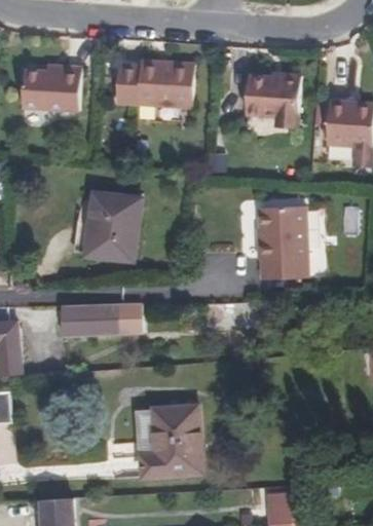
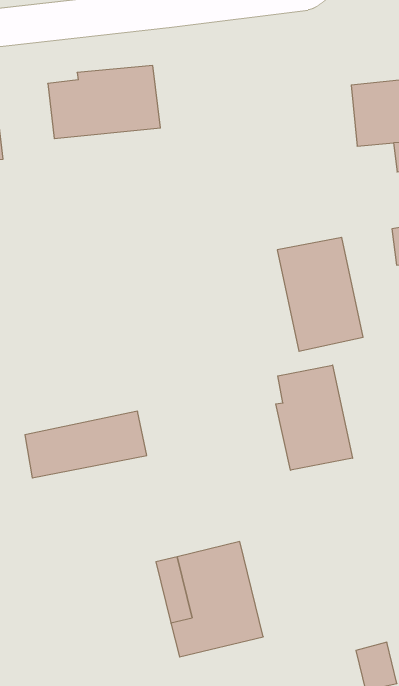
building: [246,73,300,126] -> none
building: [84,192,142,261] -> none
building: none -> [276,365,353,470]

